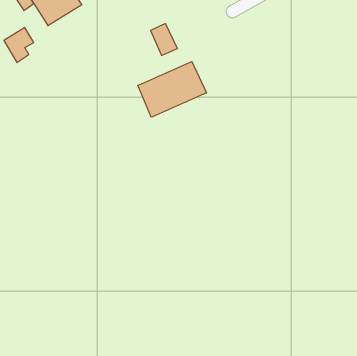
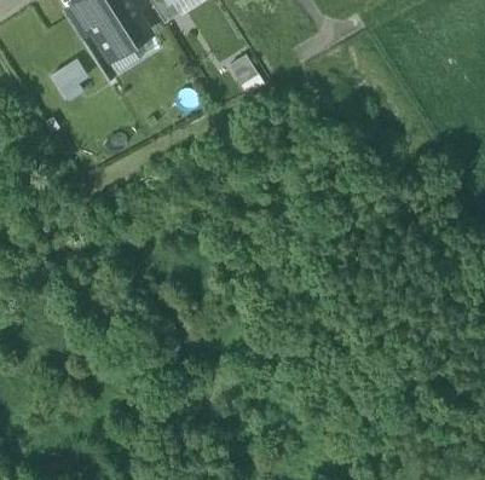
building: [138,62,207,117] -> none

